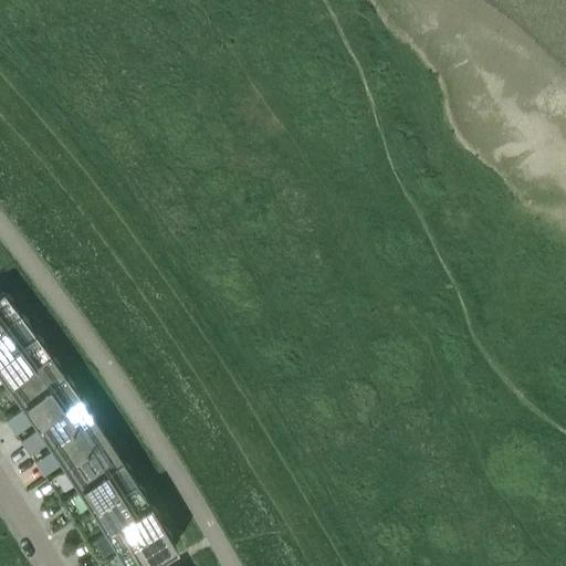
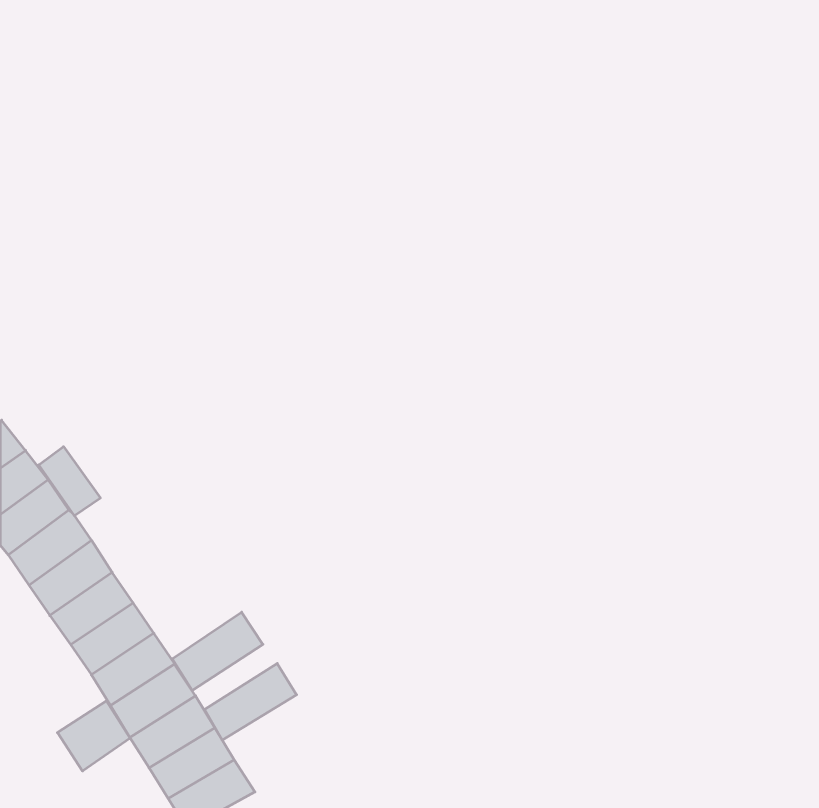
building: none -> [39,447,100,516]
building: none -> [172,612,263,691]
building: none -> [204,663,297,740]
building: none -> [57,701,130,771]

